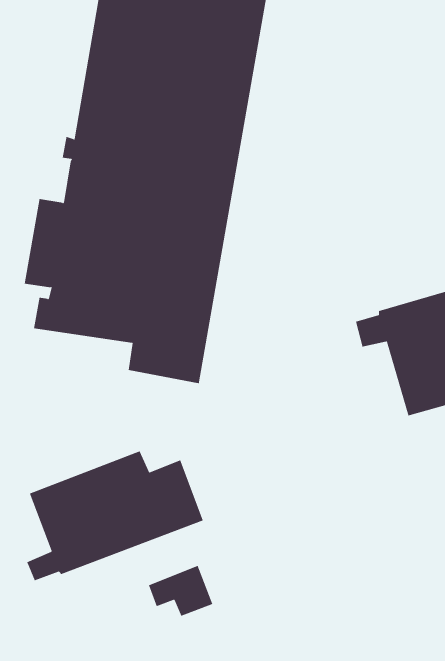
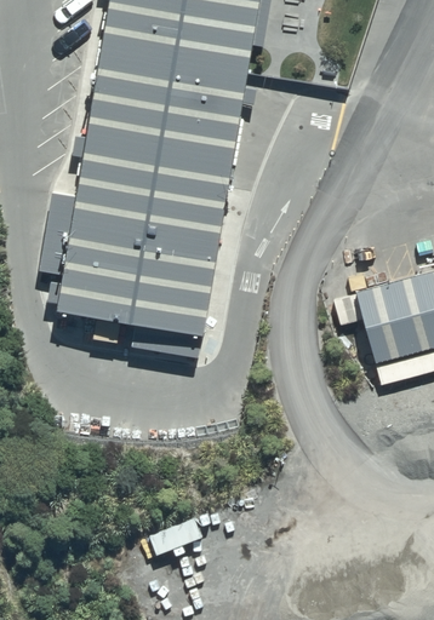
building: [26,451,203,581] -> none

